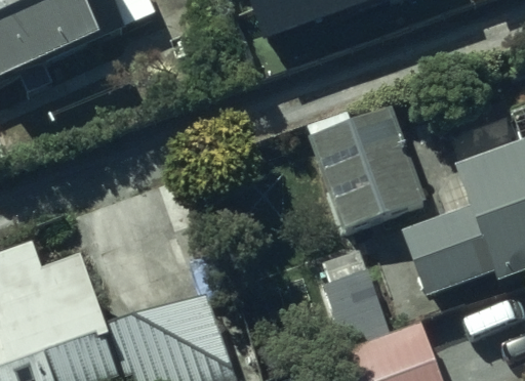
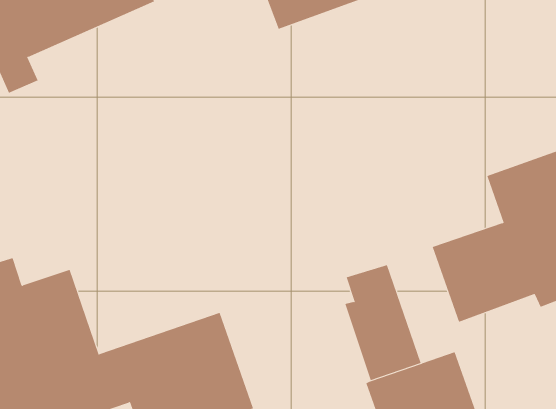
building: [300,105,425,231] -> none

